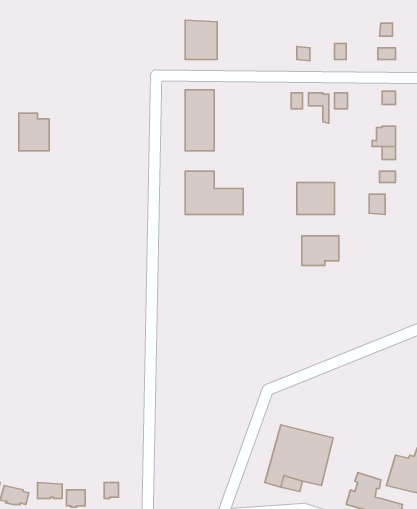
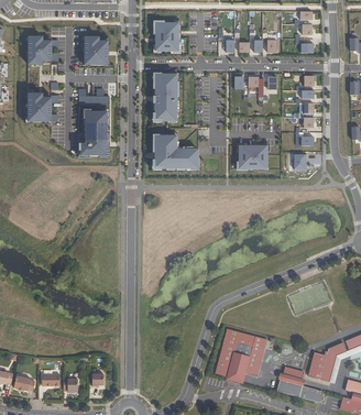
building: none -> [29,35,52,64]
building: none -> [84,36,108,65]
building: none -> [78,96,109,155]
building: [302,236,339,265] -> none

